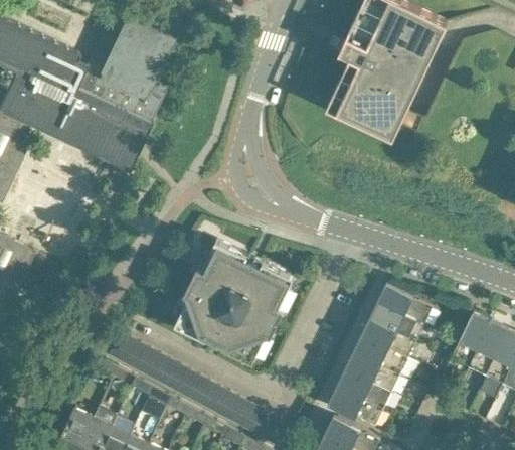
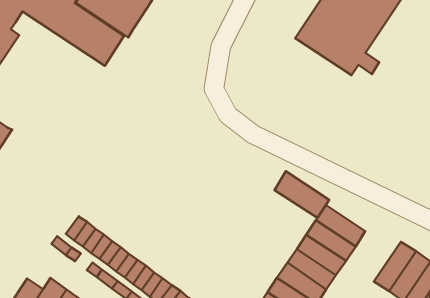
building: [173,240,293,363] -> none
building: none -> [274,171,329,218]

